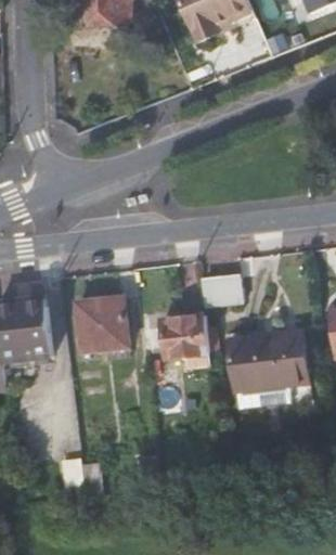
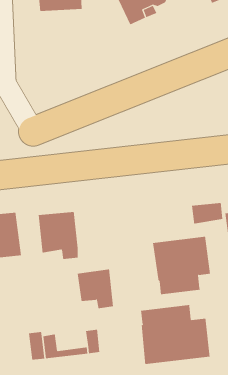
building: [199,276,243,306] -> [191,202,223,224]
building: [159,313,209,367] -> [77,269,114,309]
building: none -> [141,304,210,365]

